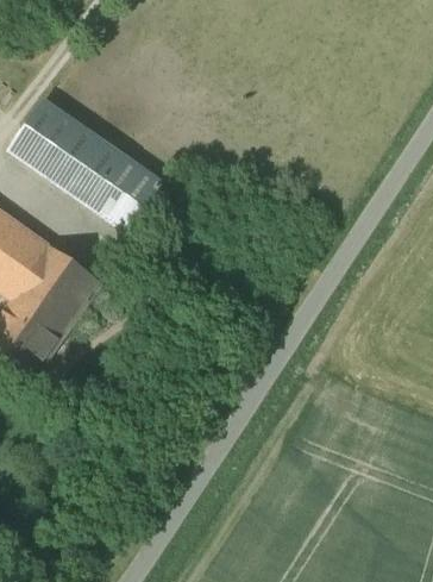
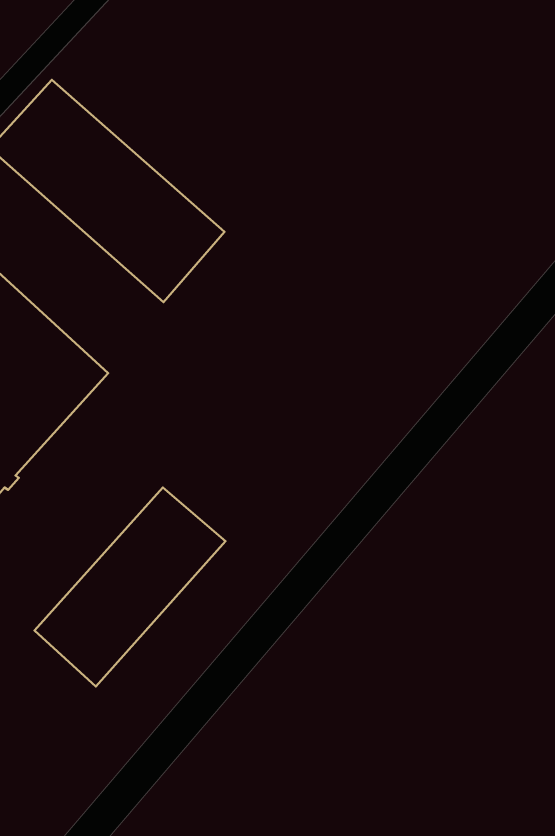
building: none -> [34,487,225,686]

